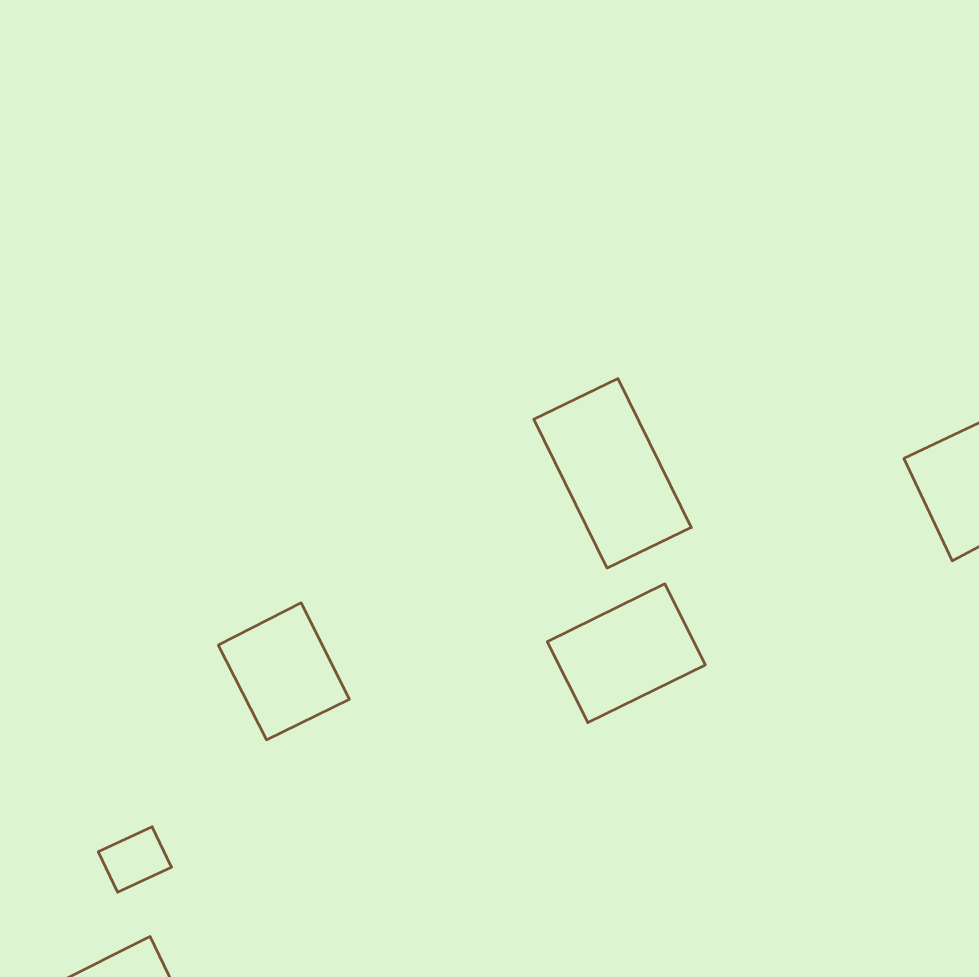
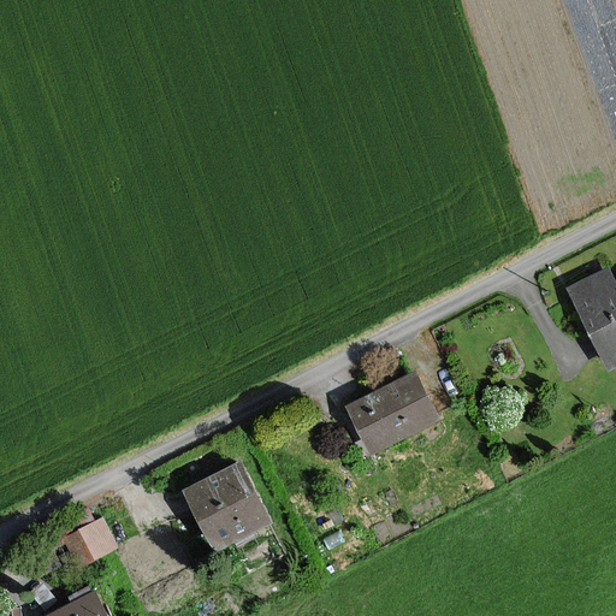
building: [534,379,691,568] -> none
building: [218,603,349,740] -> [179,463,261,549]

